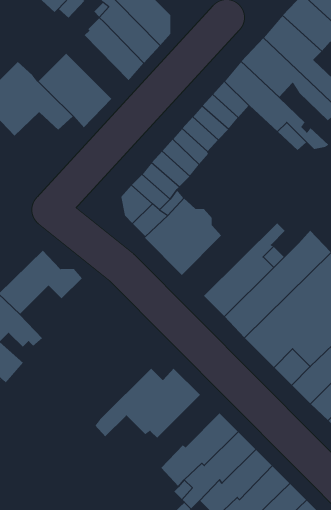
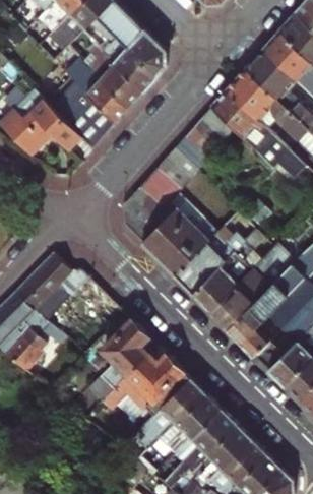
building: none -> [74,68,128,123]
building: none -> [174,221,256,293]
building: none -> [87,313,147,399]
building: none -> [135,378,206,456]

